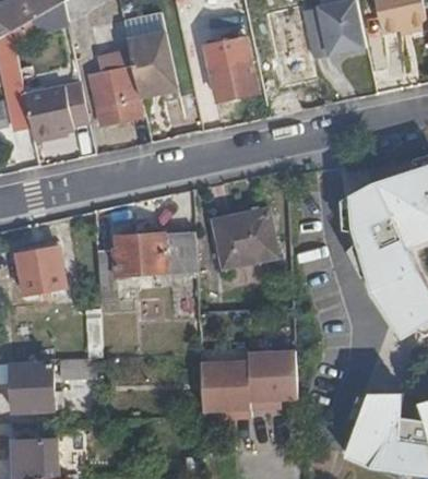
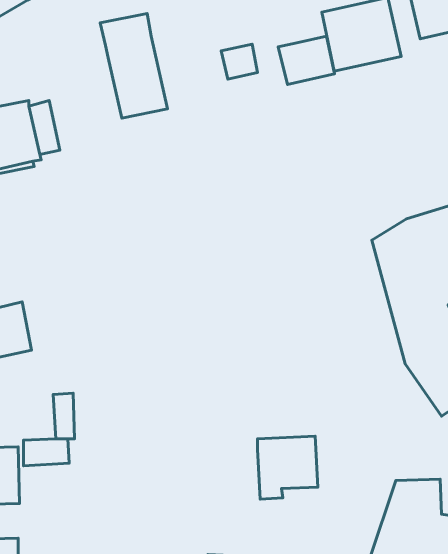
building: [90,48,144,125] -> none
building: [211,60,257,99] -> [278,36,335,85]
building: [212,219,260,265] -> none
building: [97,235,198,299] -> none
building: [203,367,252,416] -> none

